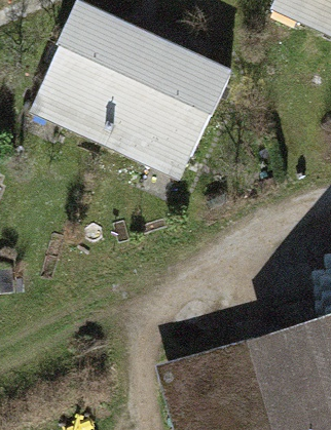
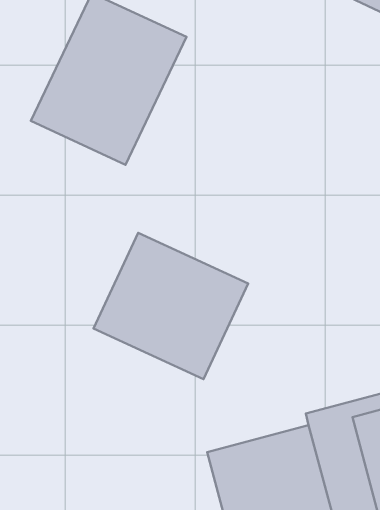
building: [103,40,227,178] -> none
building: none -> [93,233,248,379]

